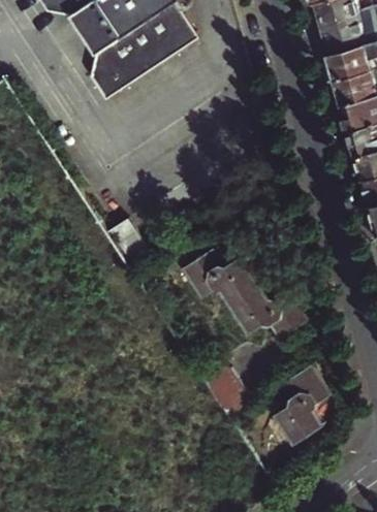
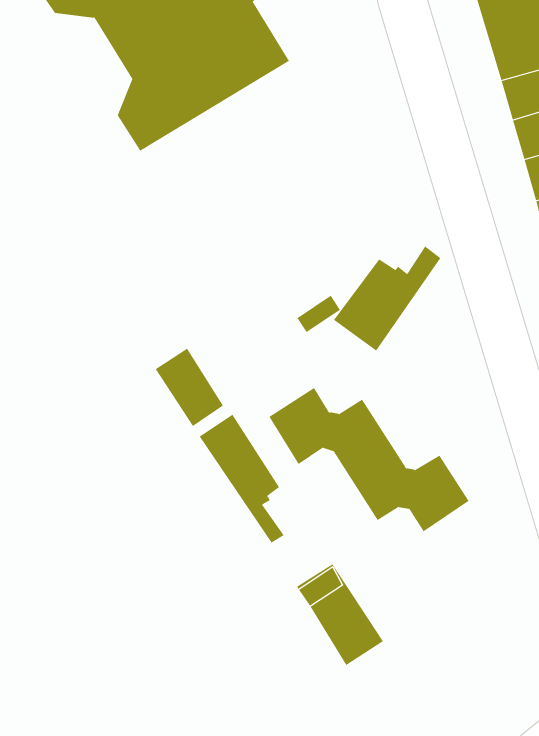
building: none -> [333,246,441,351]
building: none -> [199,414,284,543]
building: [275,361,329,440] -> none

